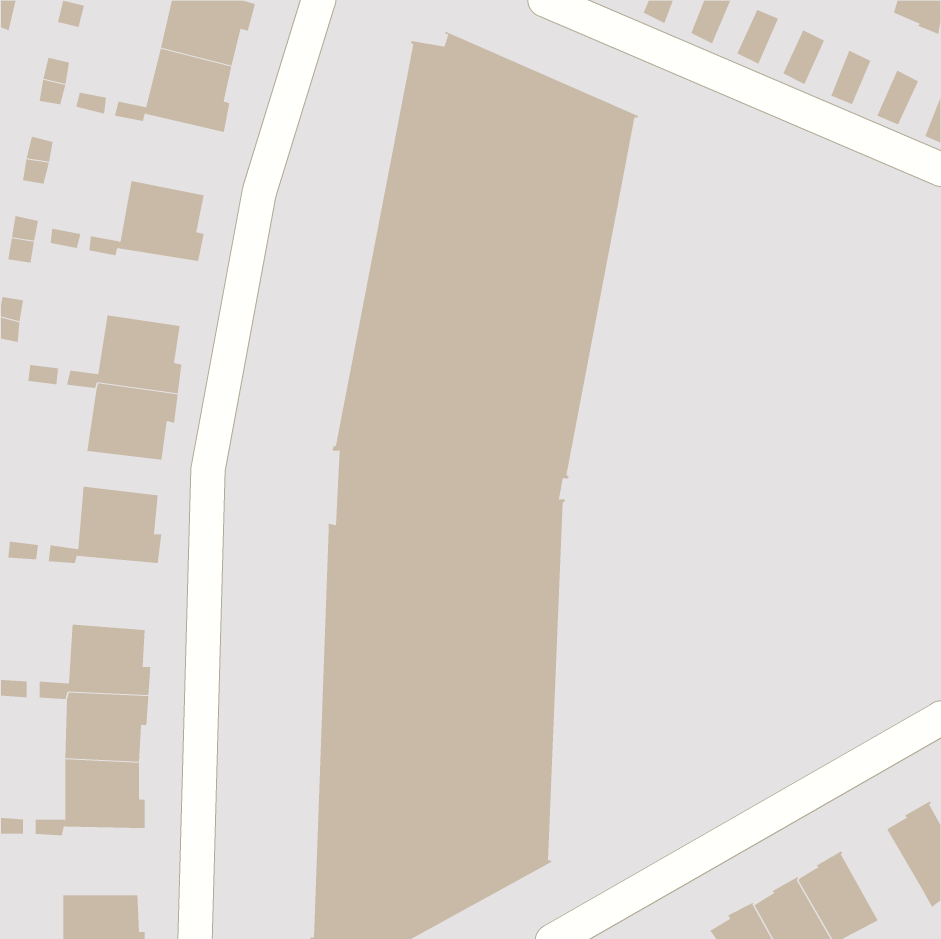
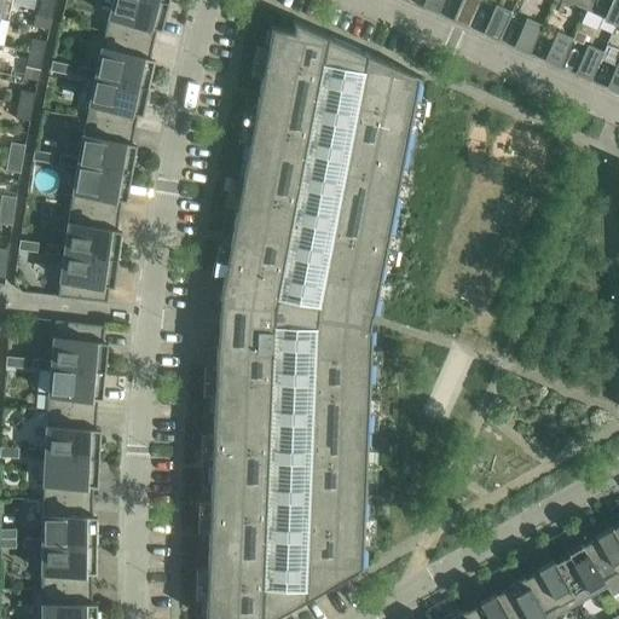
building: none -> [86,76,147,129]
building: none -> [70,164,131,215]
building: none -> [47,366,104,415]
building: none -> [41,544,96,589]
building: none -> [553,544,607,606]

